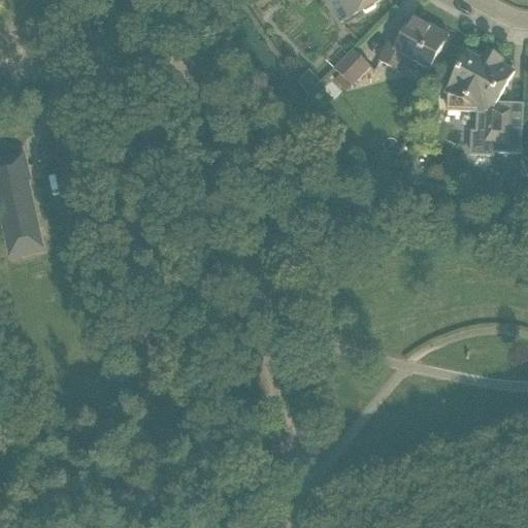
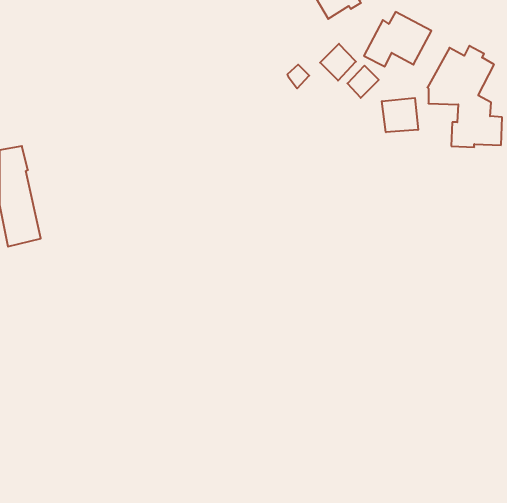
building: none -> [347,66,379,98]
building: none -> [382,98,418,132]

